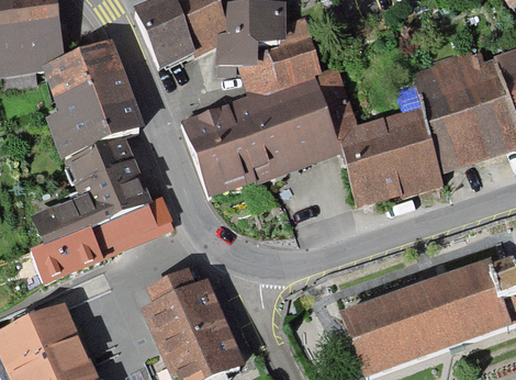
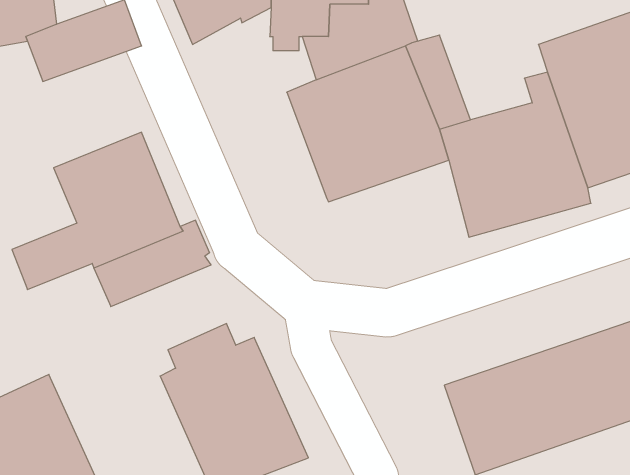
building: [46,71,146,158] -> none
building: [181,104,257,197] -> none
building: [31,226,104,283] -> none

